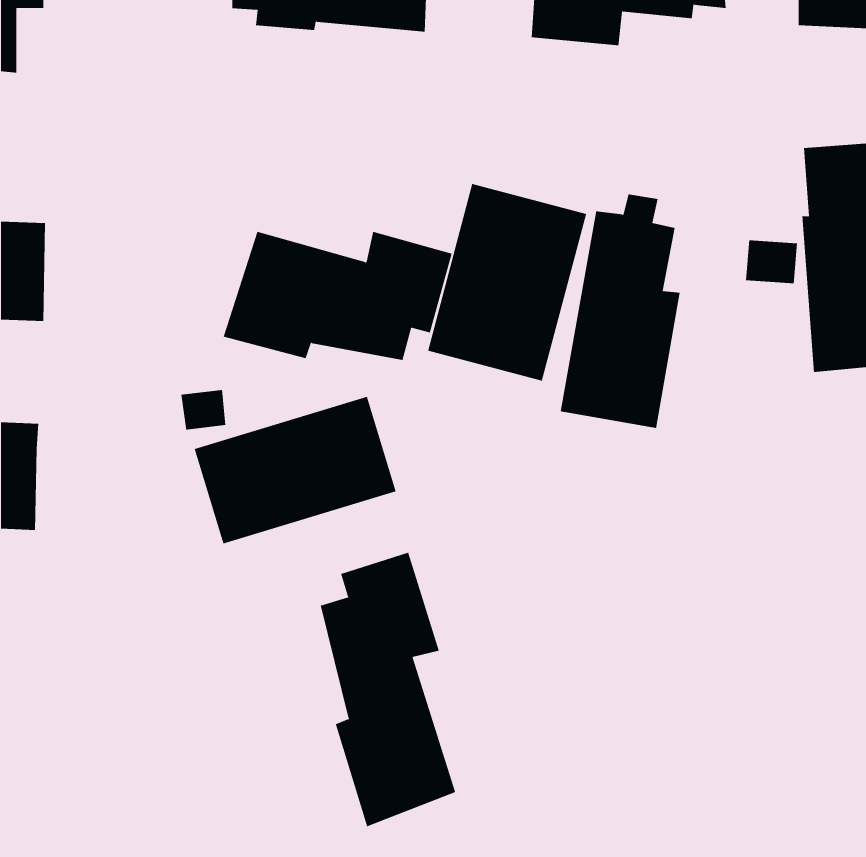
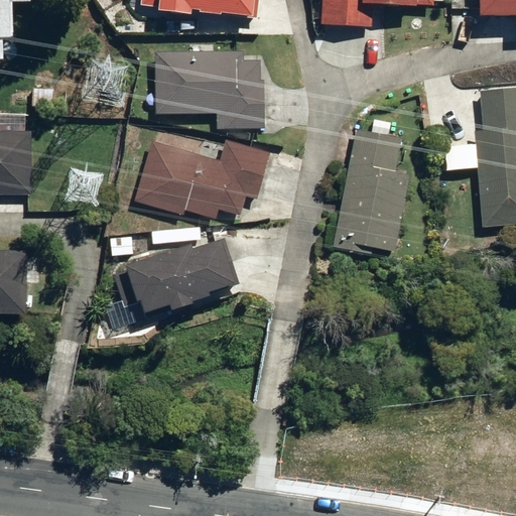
building: none -> [154,48,265,125]
building: [427,183,587,381] -> none
building: [320,552,456,827] -> none

